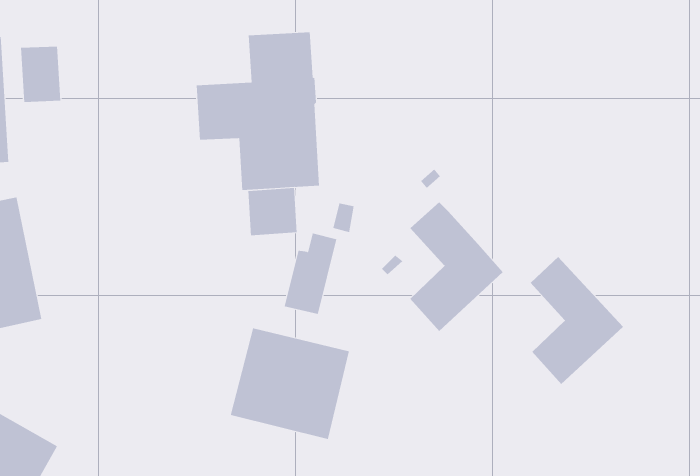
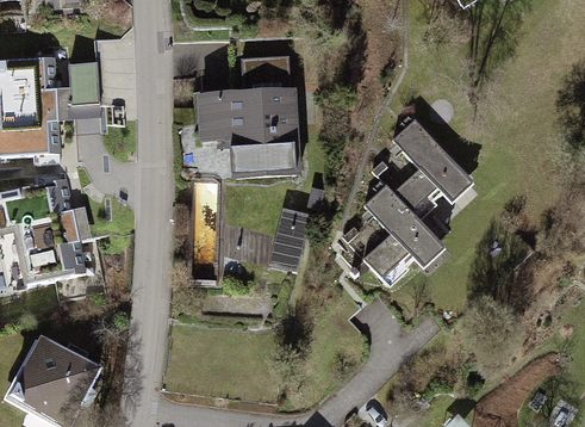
building: [248,187,297,236] -> none
building: [530,256,624,385] -> [392,119,463,217]
building: [230,327,350,440] -> none

